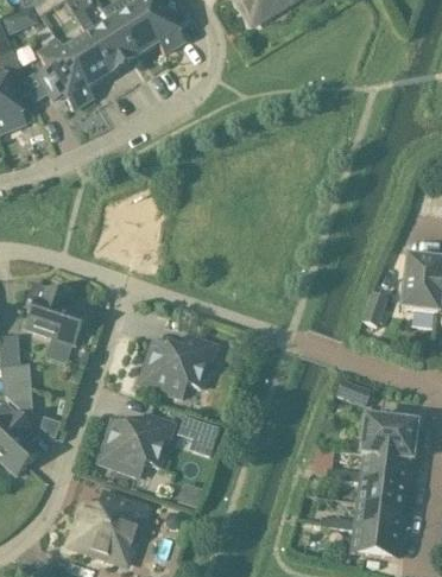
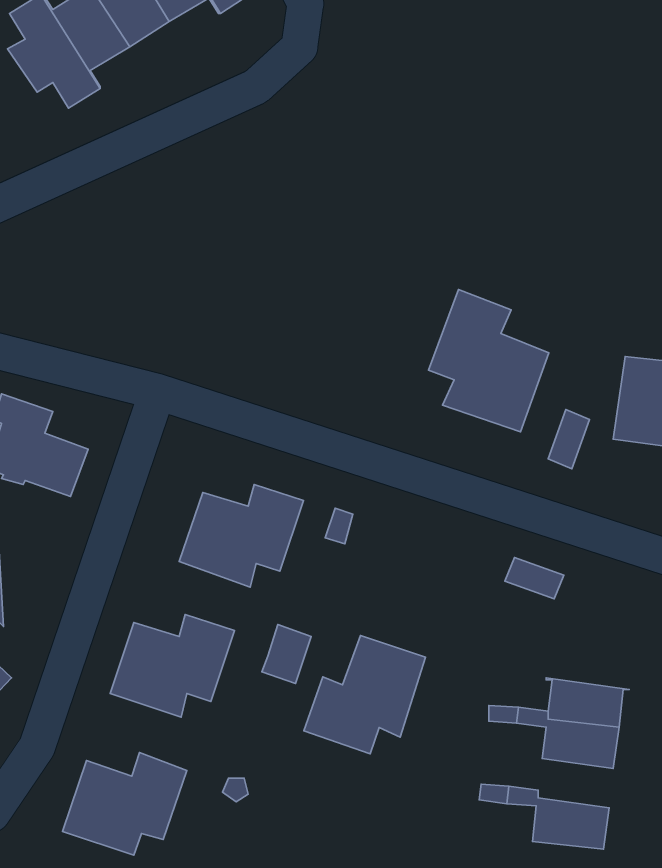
building: none -> [429,290,549,432]
building: [360,418,415,459] -> none
building: none -> [304,636,426,754]
building: [355,501,400,531] -> none

